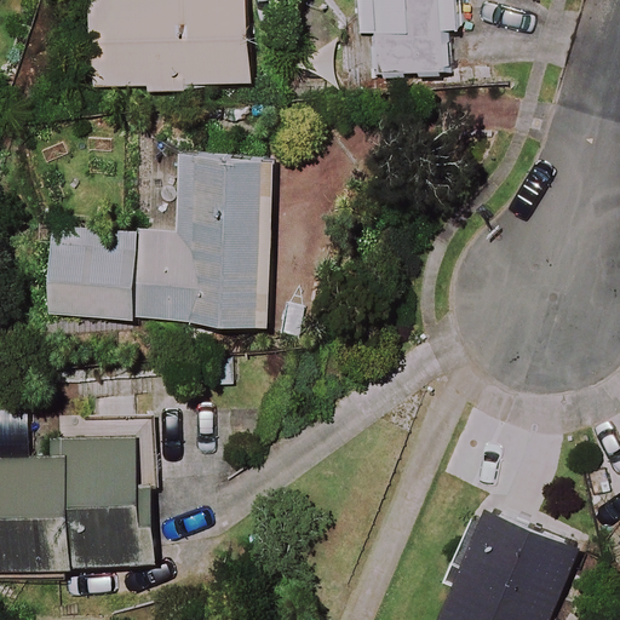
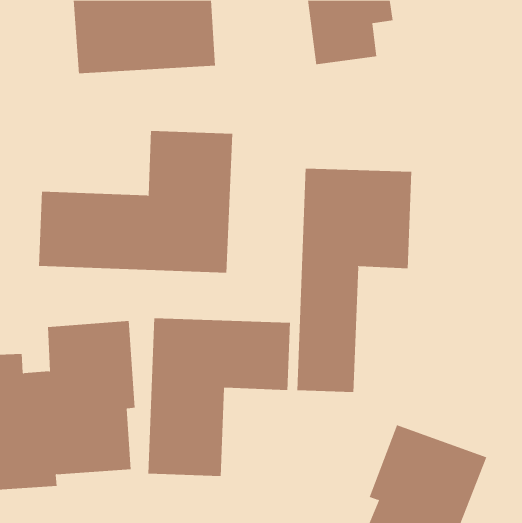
building: none -> [297,168,412,393]
building: none -> [148,318,290,477]

